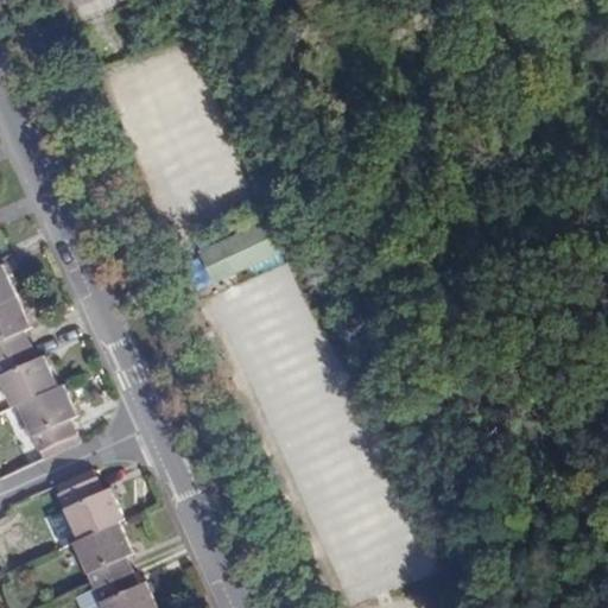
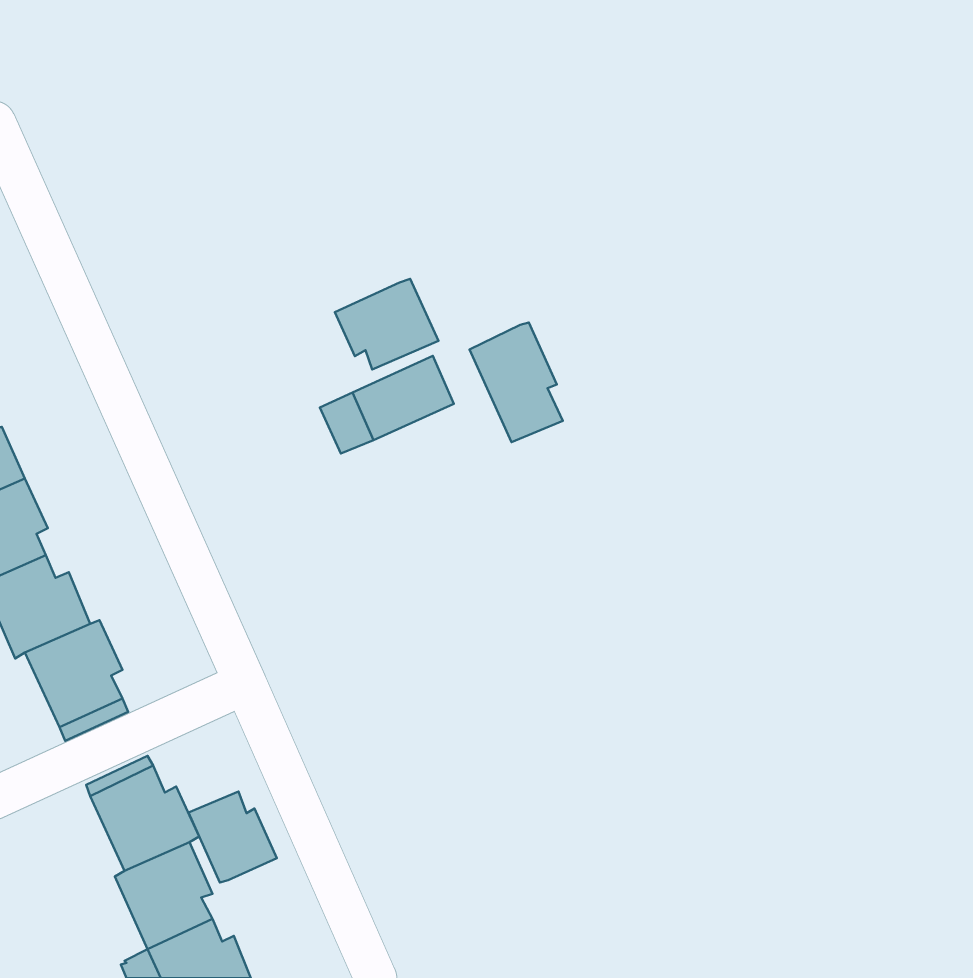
building: none -> [335,279,438,370]
building: none -> [469,322,563,442]
building: none -> [189,792,277,883]

